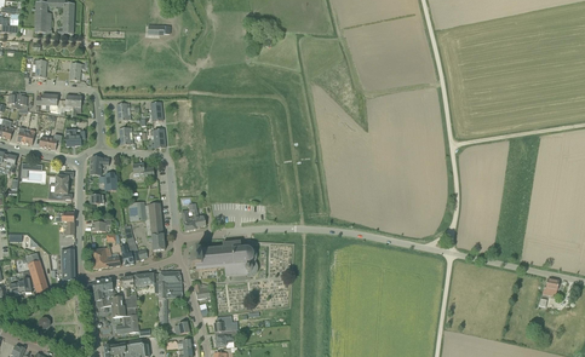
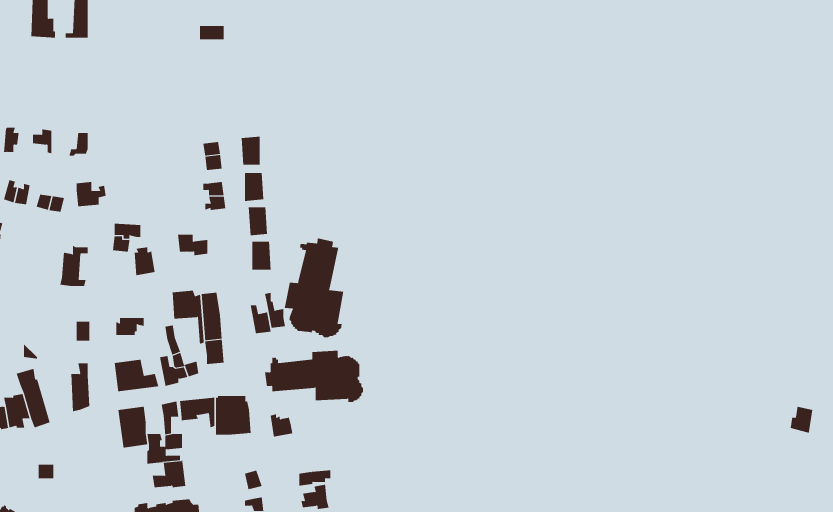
building: none -> [284,238,344,338]

